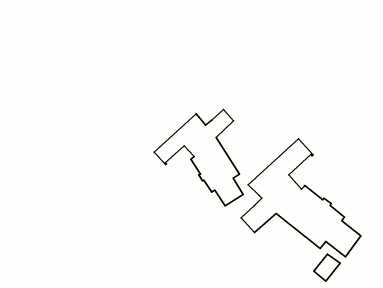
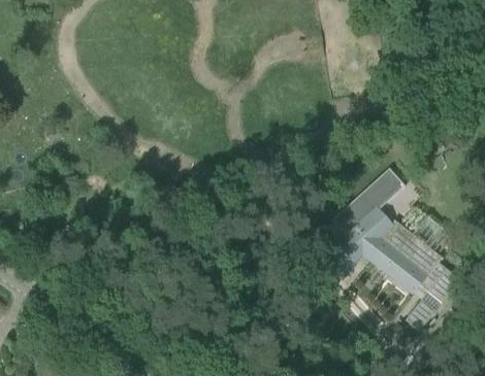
building: [154,110,243,206] -> none

